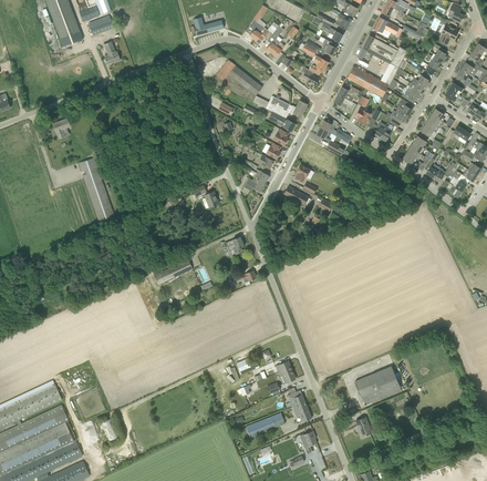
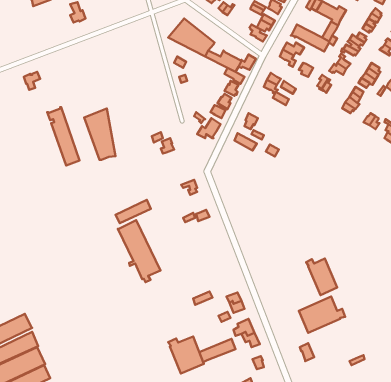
building: none -> [84,108,115,160]
building: none -> [118,220,161,282]
building: none -> [306,259,337,295]
building: none -> [168,337,204,374]

